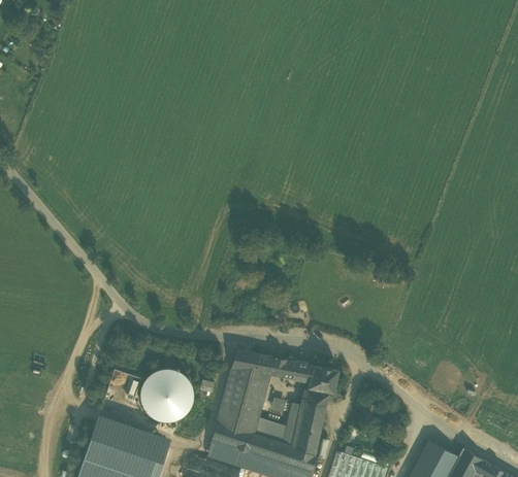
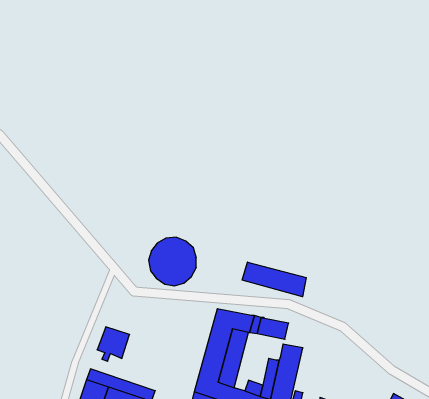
building: none -> [242,262,306,297]
building: [307,367,338,395] -> none
building: [140,371,192,423] -> [149,237,196,286]

